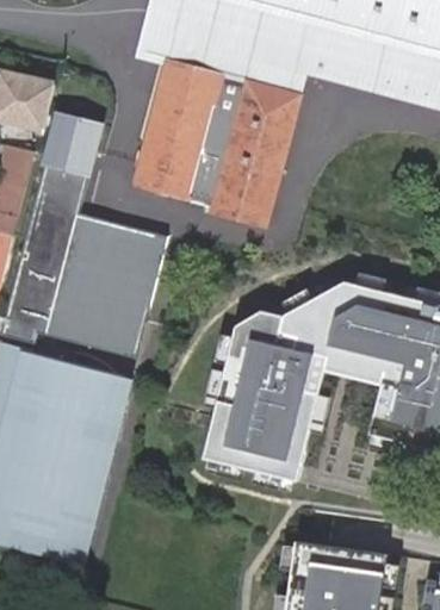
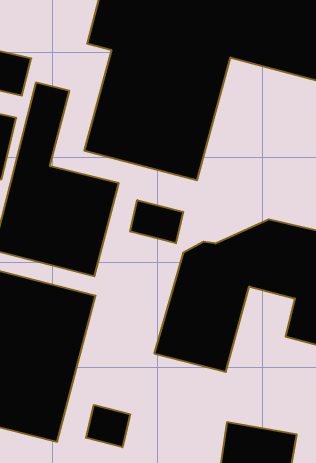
building: none -> [130,200,183,243]
building: none -> [86,405,130,447]

